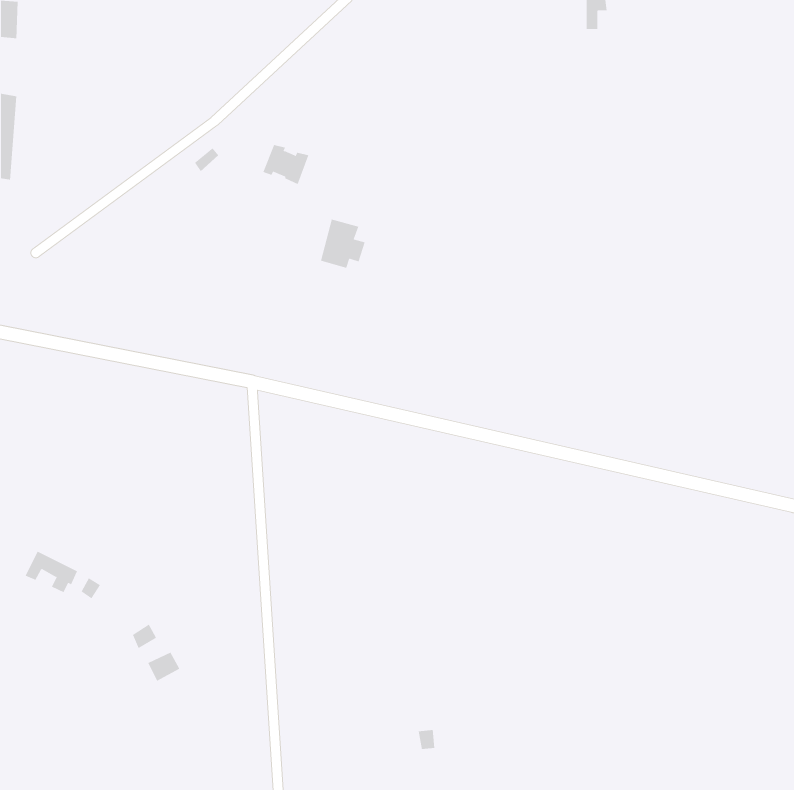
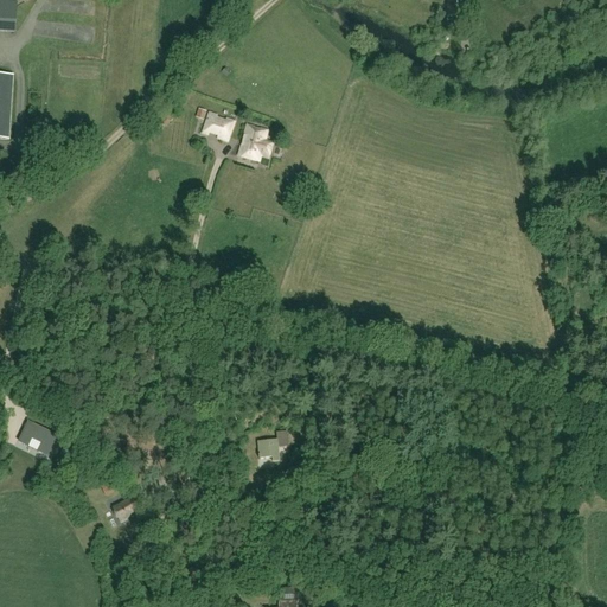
building: [320,219,365,269] -> [238,123,273,161]
building: none -> [257,430,286,460]

